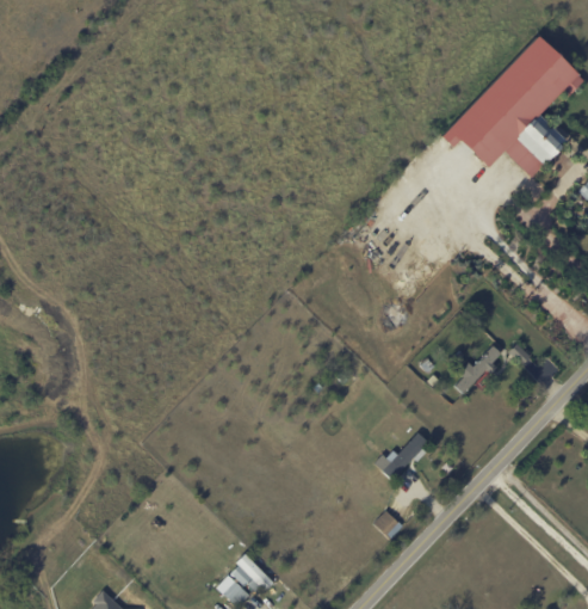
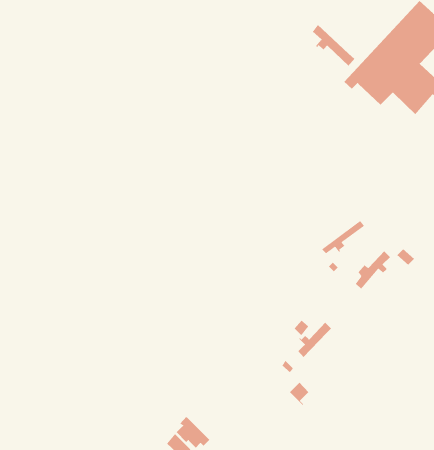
building: none -> [312,24,355,67]
building: none -> [321,220,365,254]

